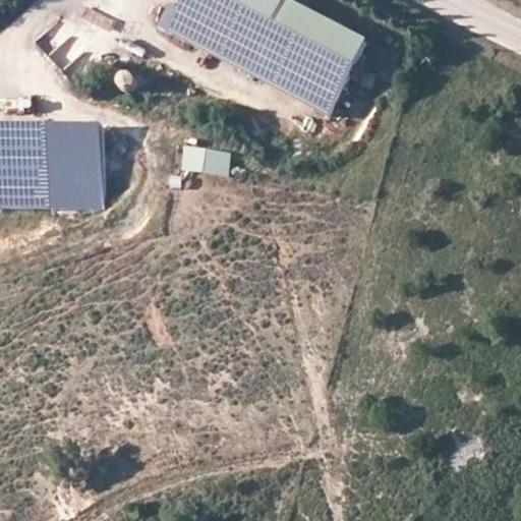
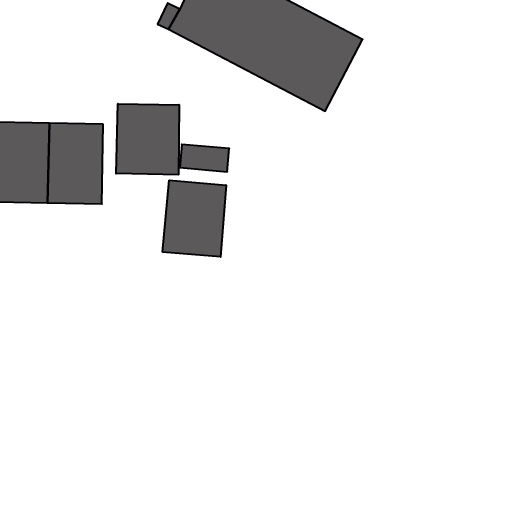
building: none -> [116,104,179,175]
building: none -> [163,180,226,257]

